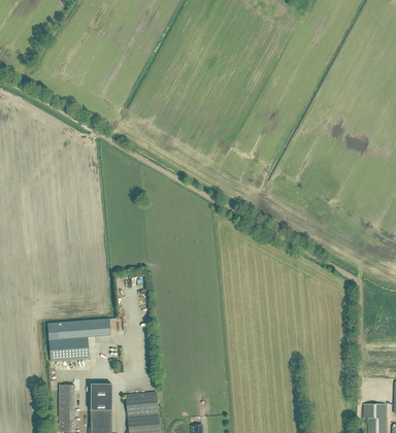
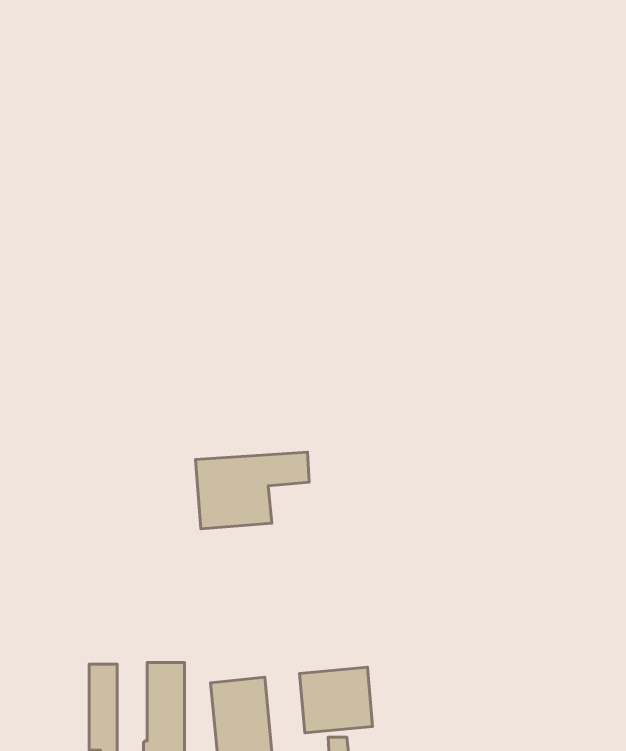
building: [46,319,109,361] -> [195,452,309,529]
building: none -> [300,667,373,733]

